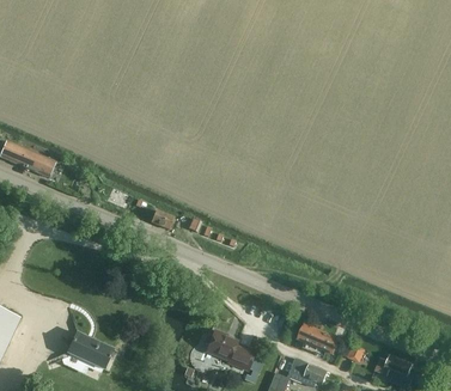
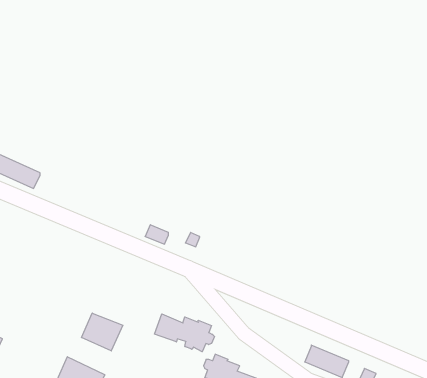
building: none -> [82,313,123,351]
building: none -> [154,314,214,352]

